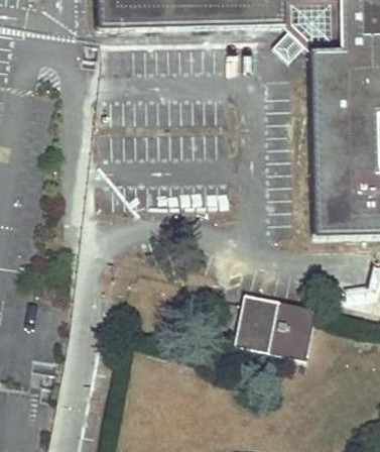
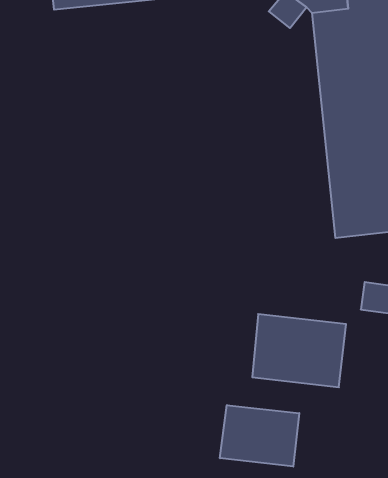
building: none -> [220,405,299,467]

